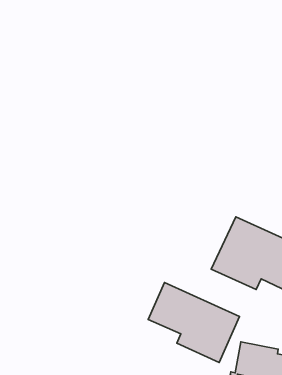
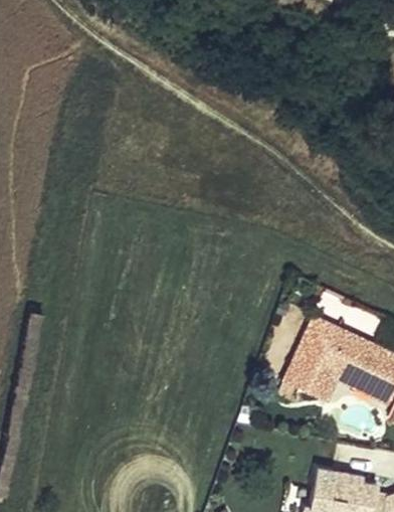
building: [148,283,239,362] -> none

